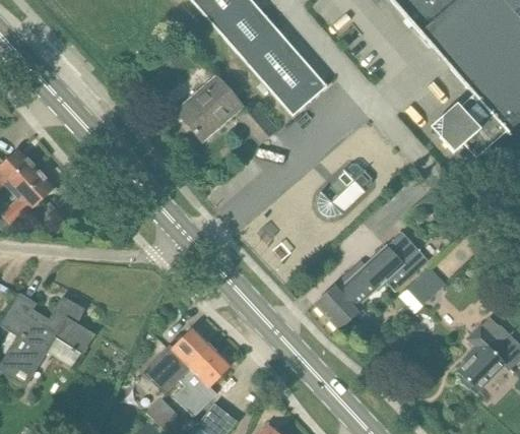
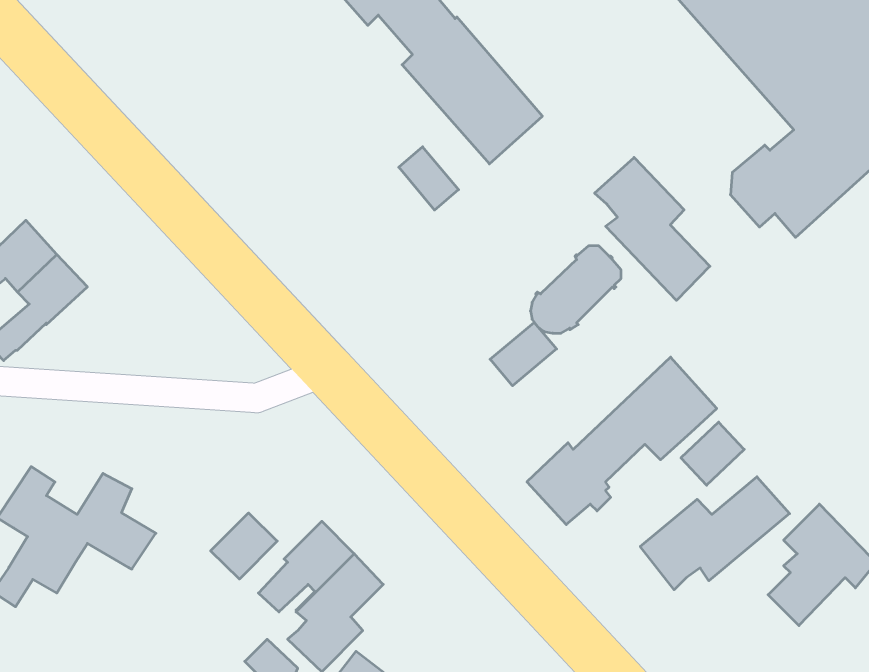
building: [178,75,242,138] -> none
building: none -> [595,157,710,300]
building: none -> [490,323,557,386]
building: none -> [640,477,790,590]
building: none -> [211,513,277,579]

